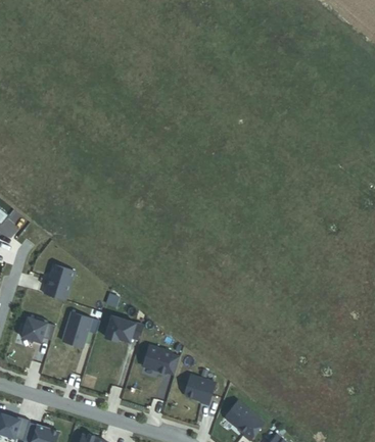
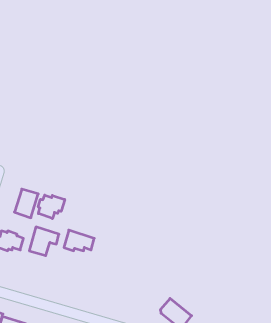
building: none -> [38,195,65,219]
building: [140,345,179,378] -> none
building: [184,375,215,404] -> none

